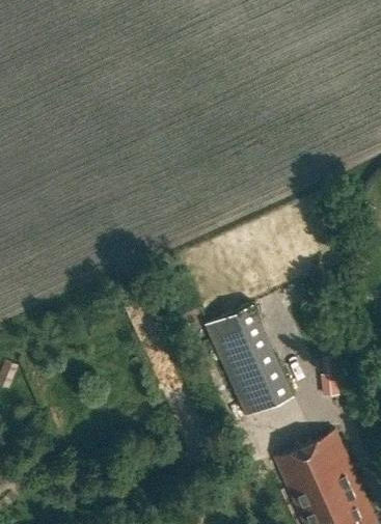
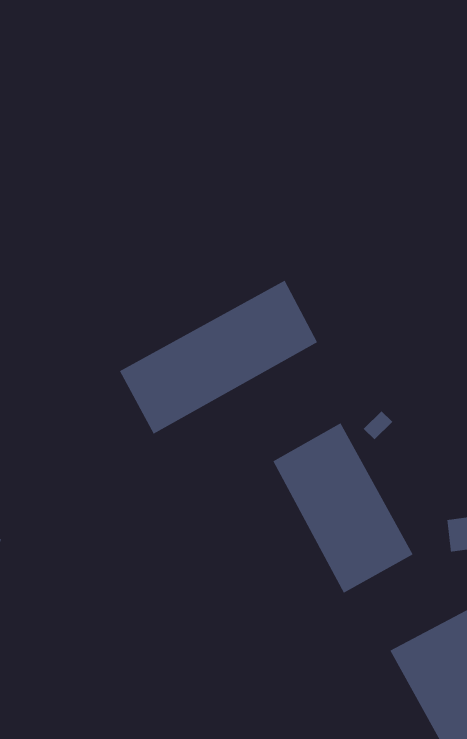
building: none -> [119,280,318,434]

